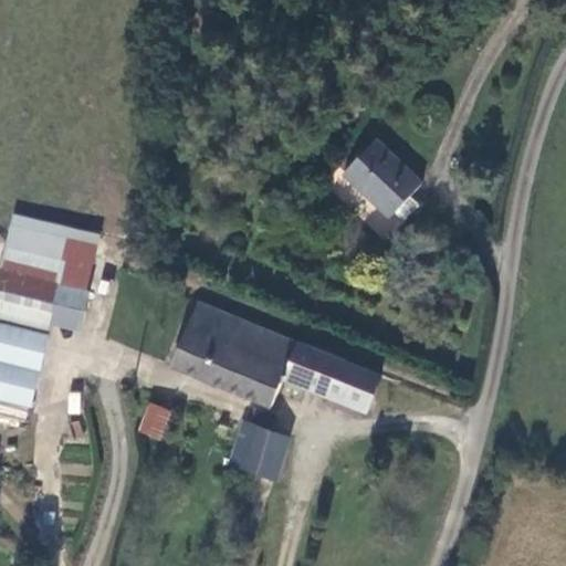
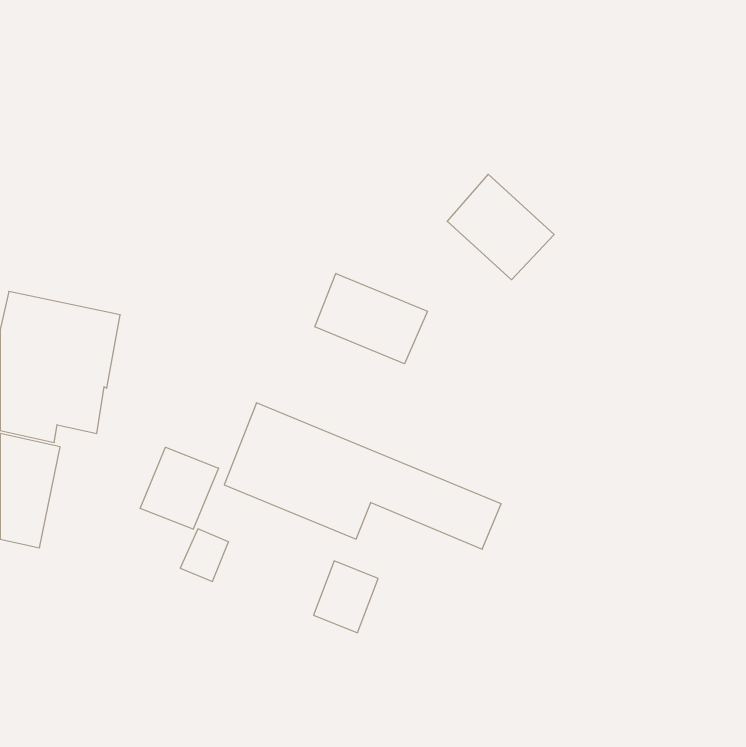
building: none -> [315,273,428,364]
building: none -> [140,447,219,529]

